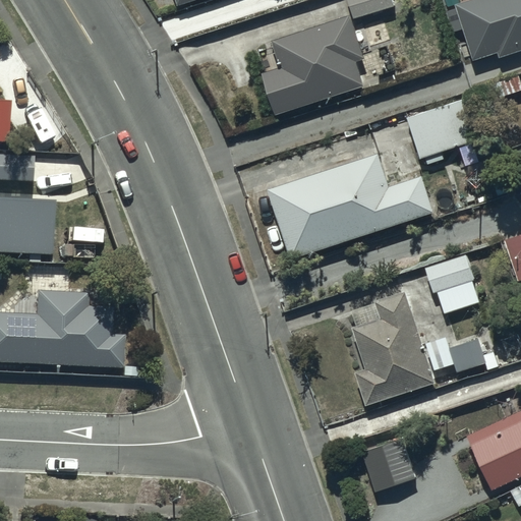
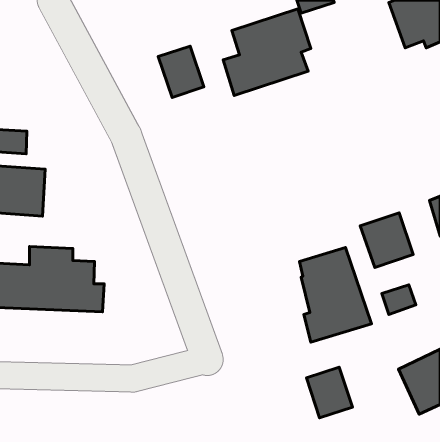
building: none -> [158,46,204,97]
building: [407,98,479,158] -> none
building: [269,155,435,257] -> none

